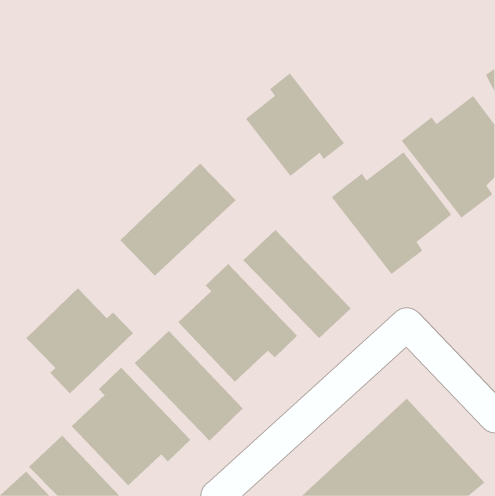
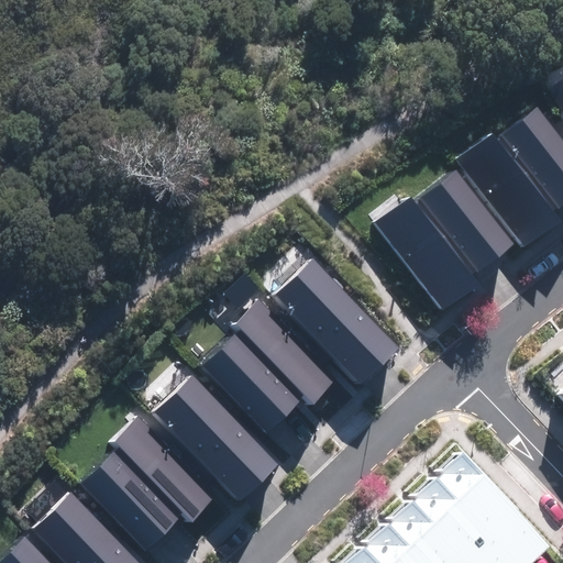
building: [245,73,345,177] -> none
building: [120,163,237,276] -> none
building: [26,288,134,394] -> none

